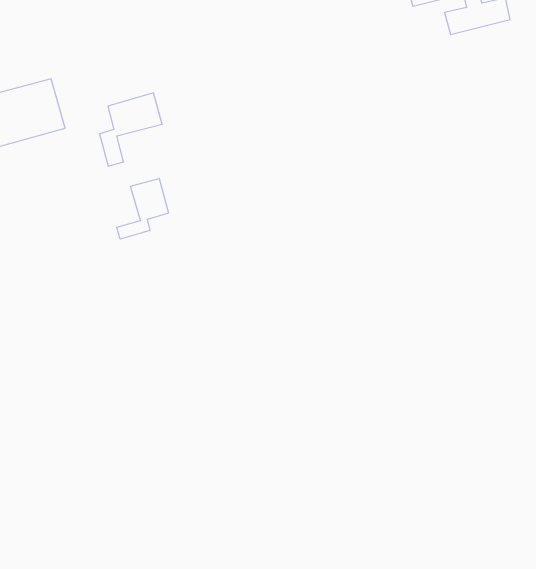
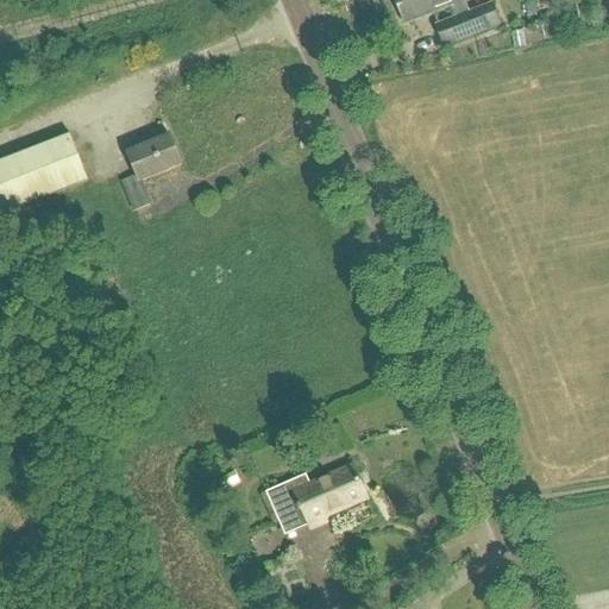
building: [117,178,168,239] -> none
building: none -> [264,464,362,533]

